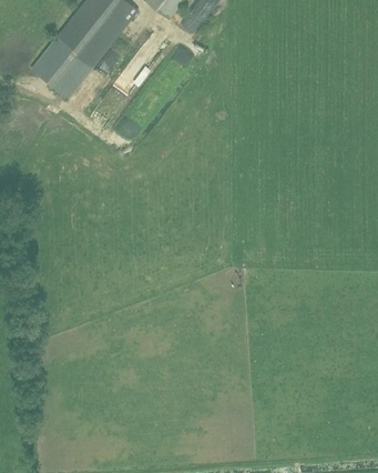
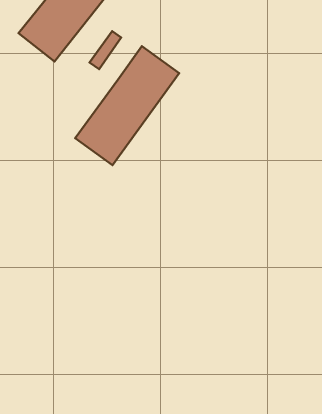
building: none -> [75,46,179,165]

